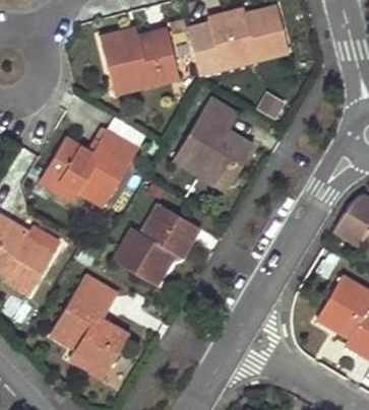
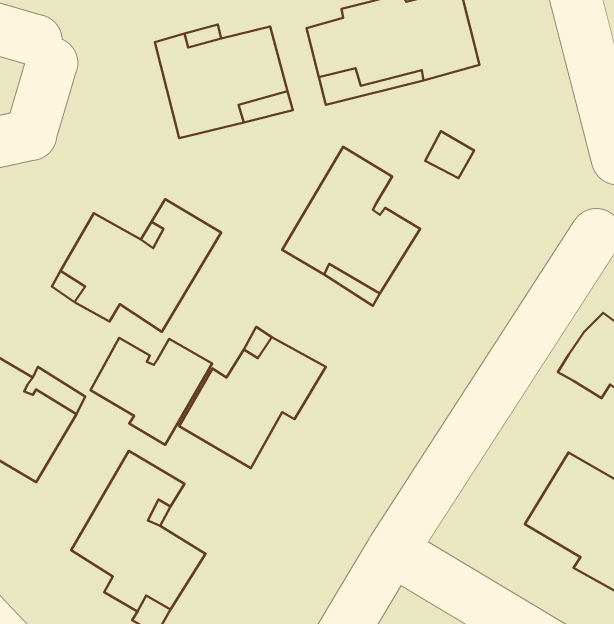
building: none -> [90,338,212,445]

